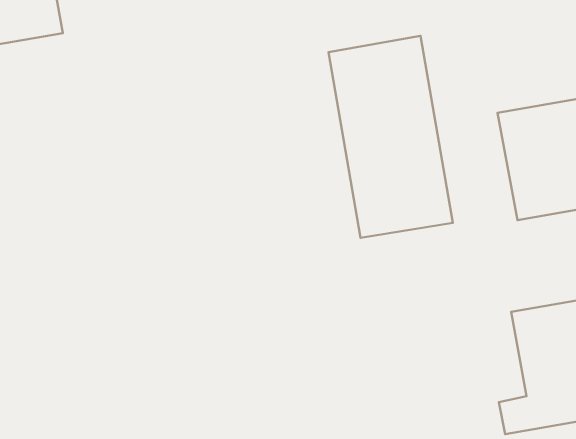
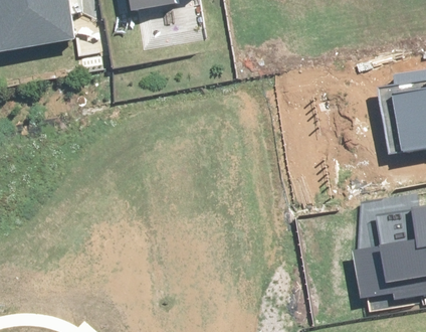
building: [329,36,453,238] -> none

